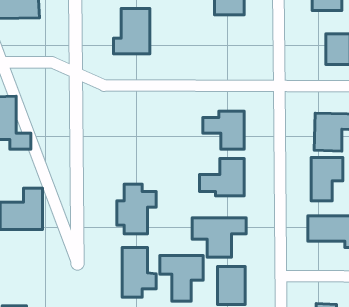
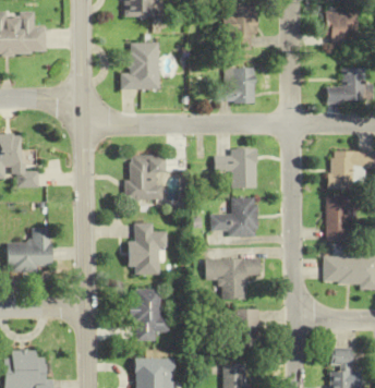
building: none -> [223,66,257,102]
building: none -> [128,155,165,199]
building: [160,256,203,301] -> none

